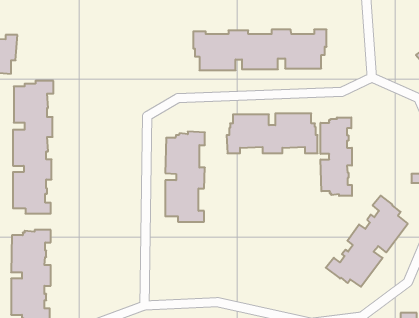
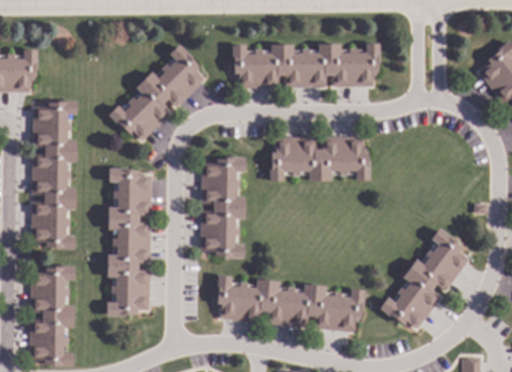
building: none -> [107,45,204,141]
building: [321,117,352,196] -> none
building: none -> [106,168,151,315]
building: none -> [215,275,364,333]

